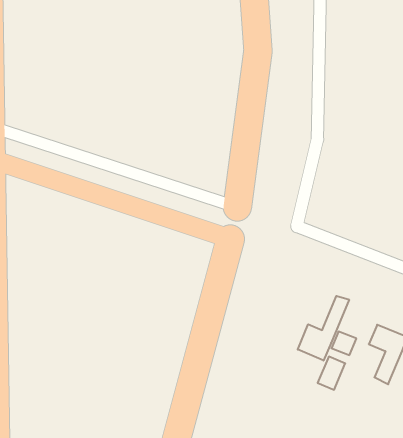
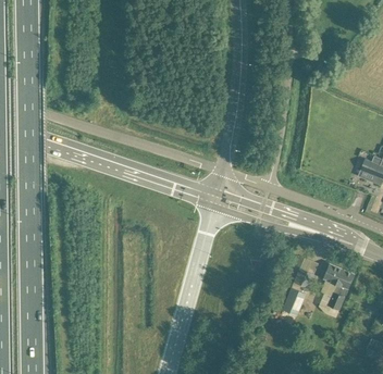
building: [298,296,349,361] -> none

